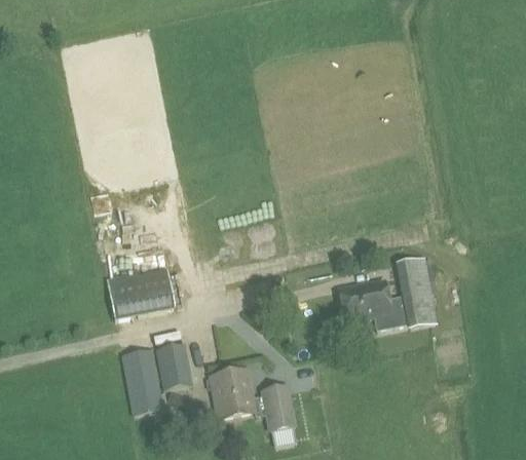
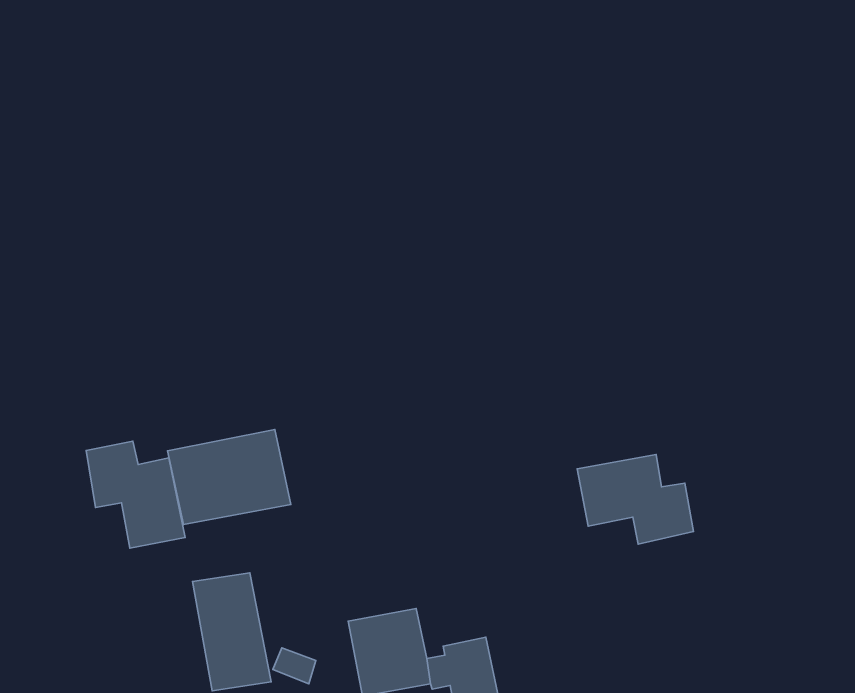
building: [394,256,436,325] -> none
building: none -> [86,441,185,548]
building: [154,341,192,388] -> none

